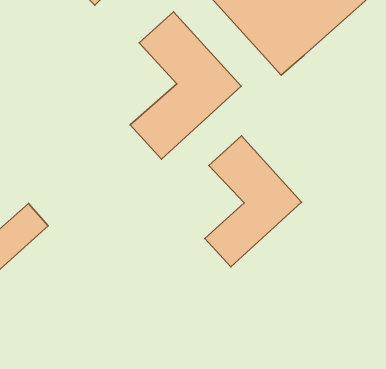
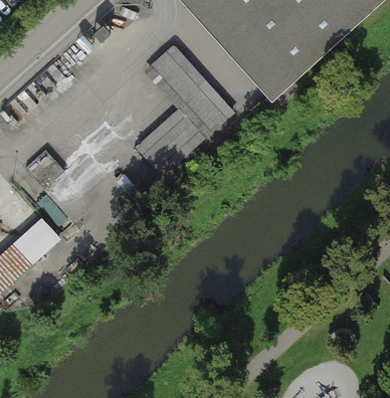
building: [205,136,302,267] -> none

